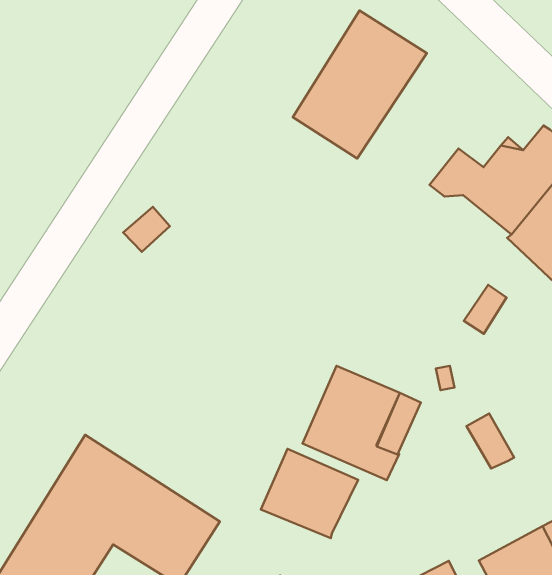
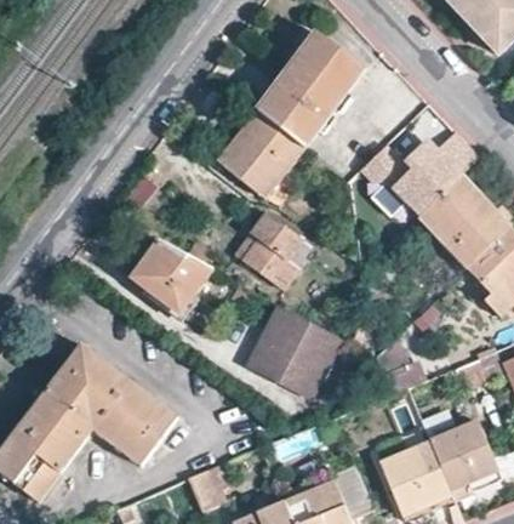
building: none -> [216,112,304,203]
building: none -> [232,213,296,287]
building: none -> [130,243,212,315]
building: [261,449,358,538] -> none

